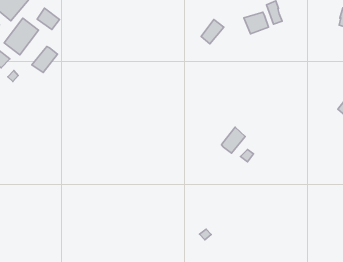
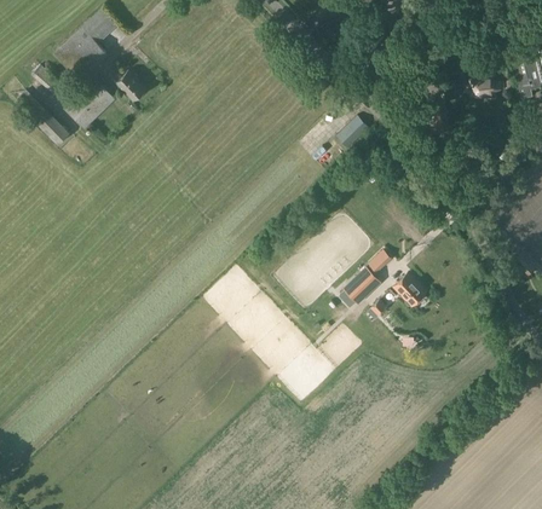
building: [244,12,268,34] -> none
building: [32,46,57,73] -> none
building: none -> [394,272,427,305]

